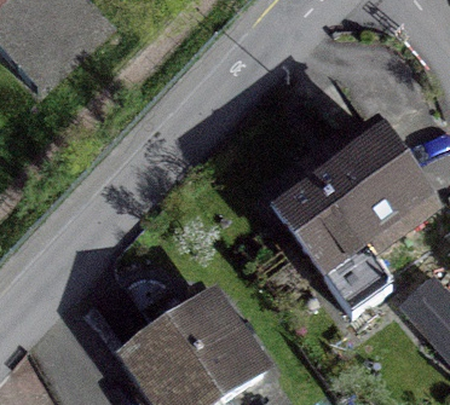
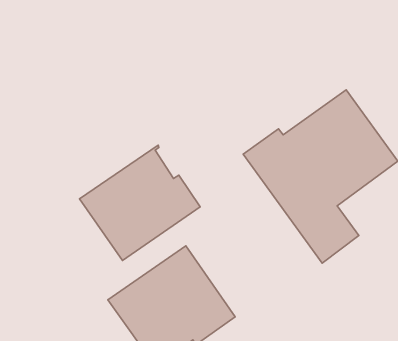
building: none -> [79,145,200,261]

